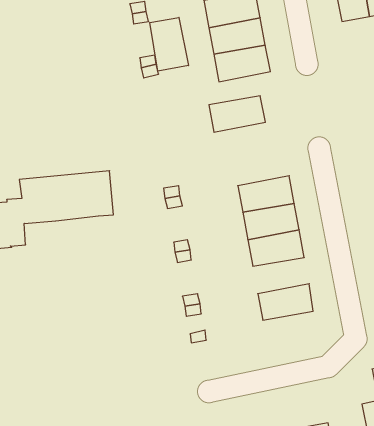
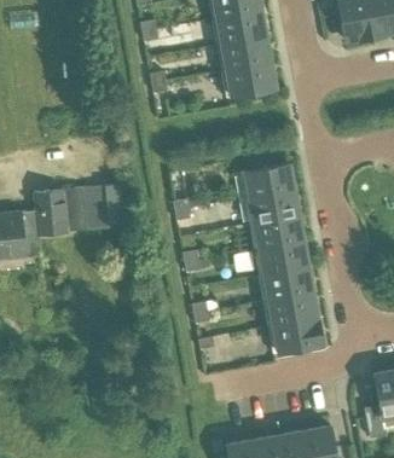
building: [150,17,188,71] -> none
building: [209,96,265,132] -> [239,163,294,198]
building: none -> [259,267,313,302]
building: none -> [268,319,321,353]

